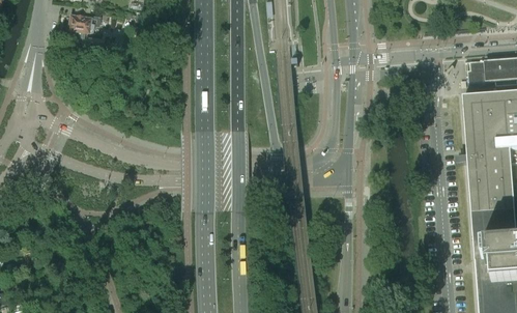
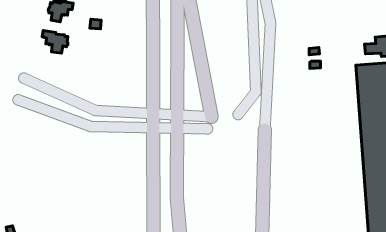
building: none -> [42,31,68,53]

